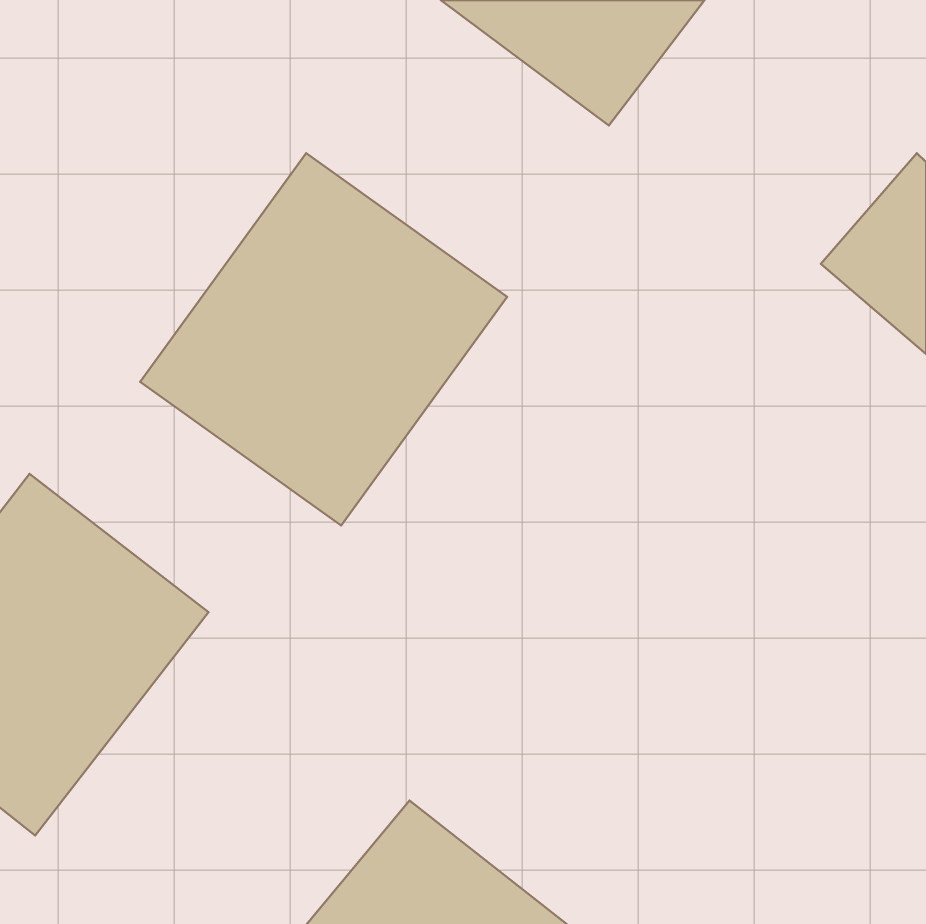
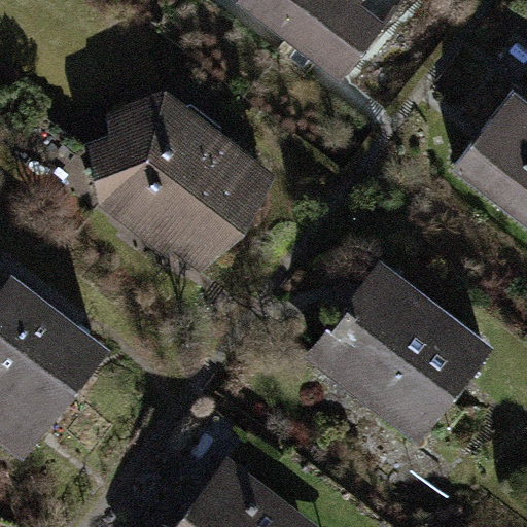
building: none -> [295,255,493,448]

